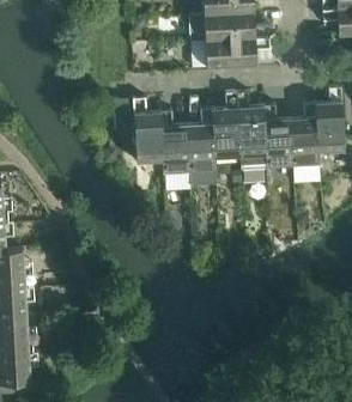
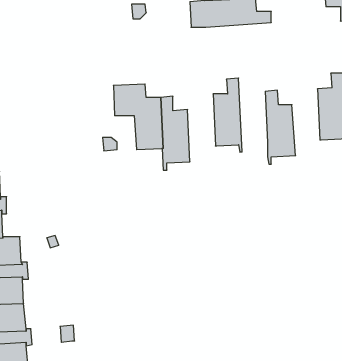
building: [205,35,271,66] -> none
building: [237,90,266,169] -> none
building: [290,100,320,172] -> none
building: [187,105,217,177] -> none

